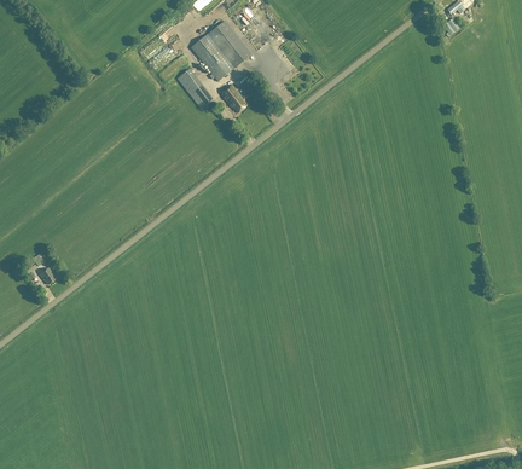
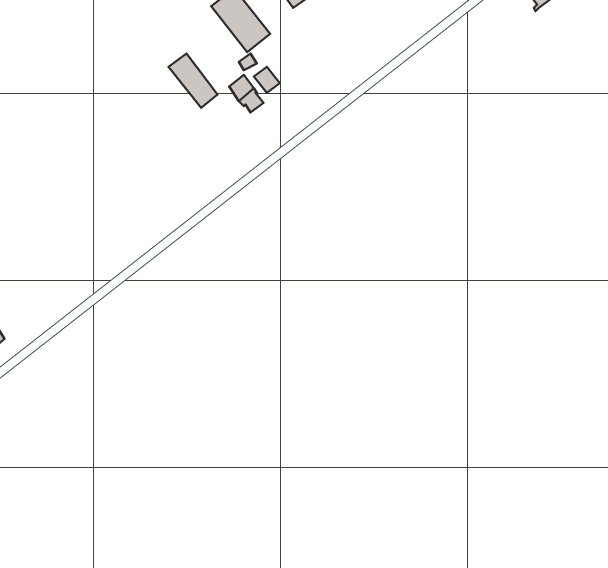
building: [191,34,233,80] -> none

